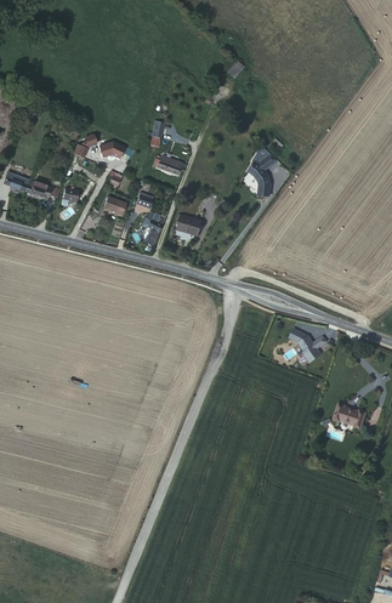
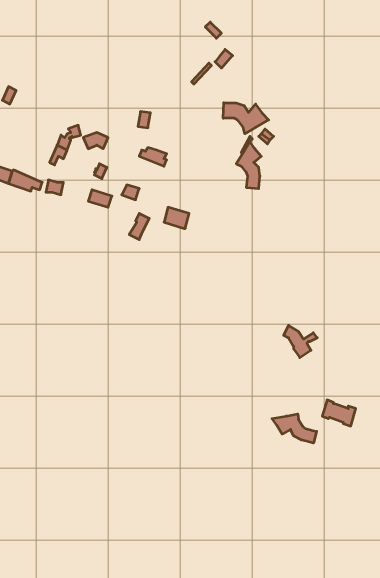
building: none -> [223,103,269,134]
building: none -> [272,414,317,443]

